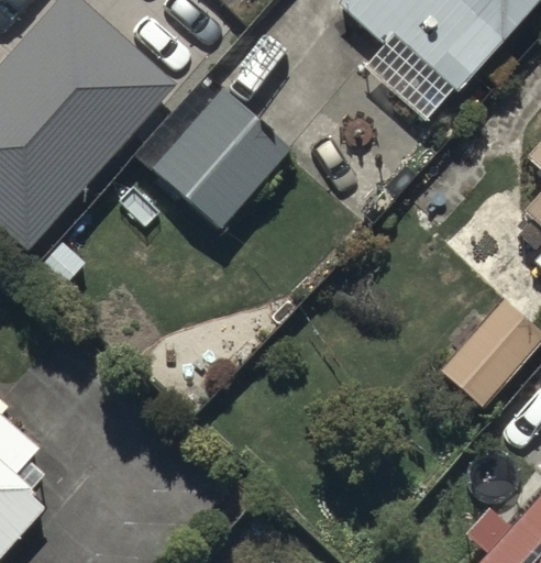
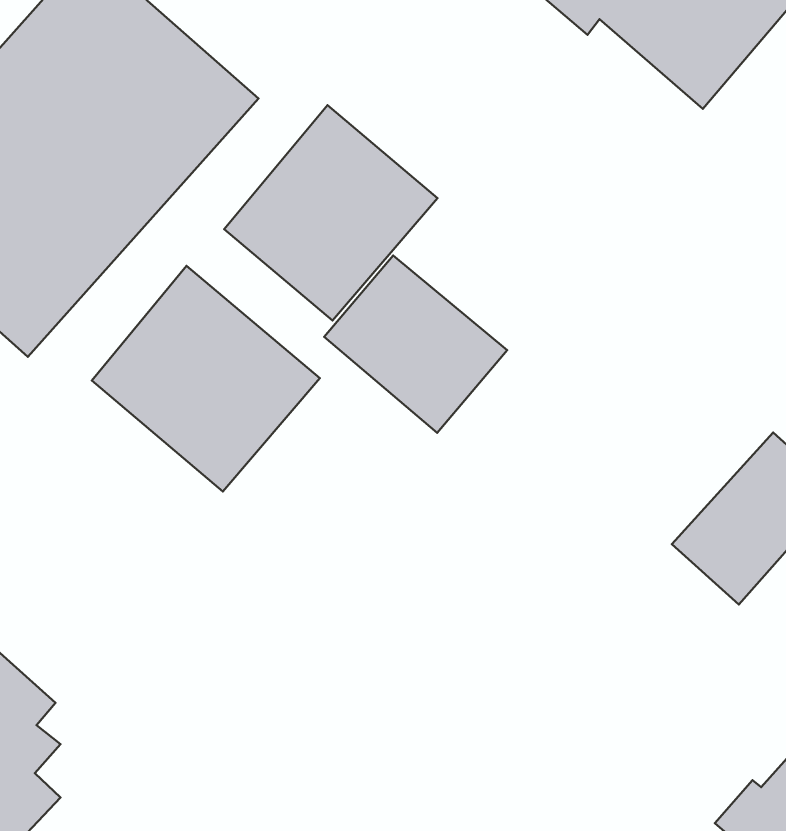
building: none -> [324,255,507,433]
building: none -> [92,266,320,491]

